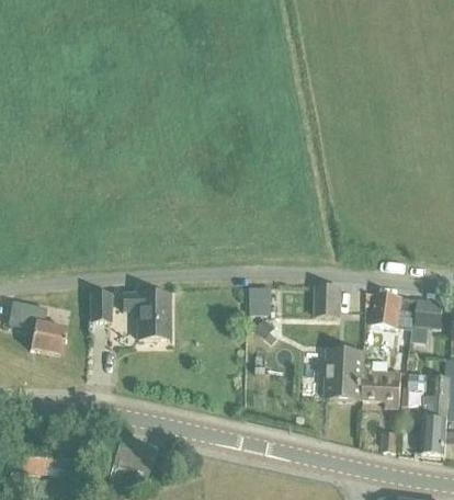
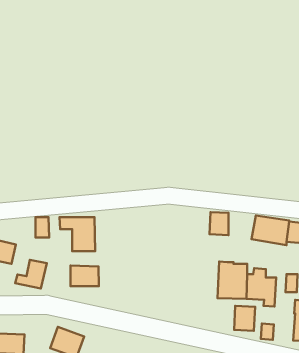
building: [251,280,273,309] -> none
building: none -> [15,260,47,289]
building: none -> [70,266,99,286]
building: none -> [234,306,255,331]

